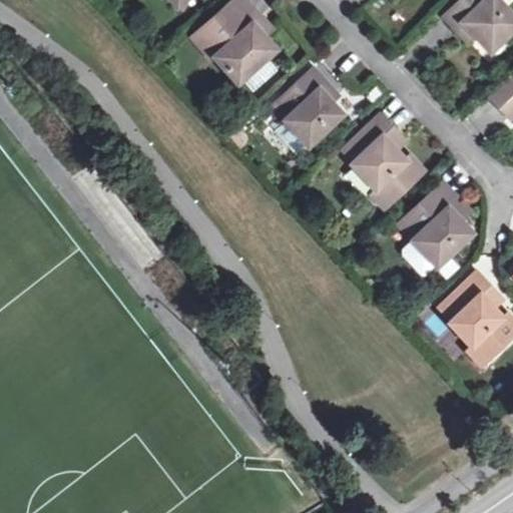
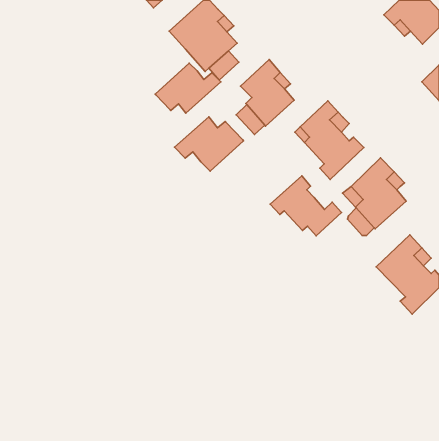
building: none -> [155,63,221,113]
building: none -> [174,117,243,171]
building: none -> [270,176,342,236]

